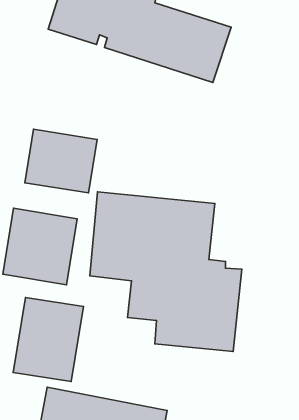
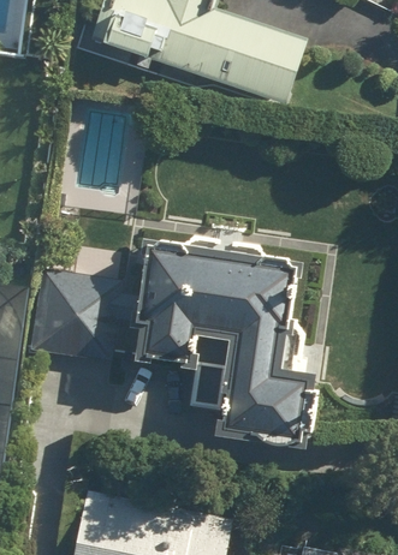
building: [25,129,97,193] -> none
building: [13,298,83,382] -> none

